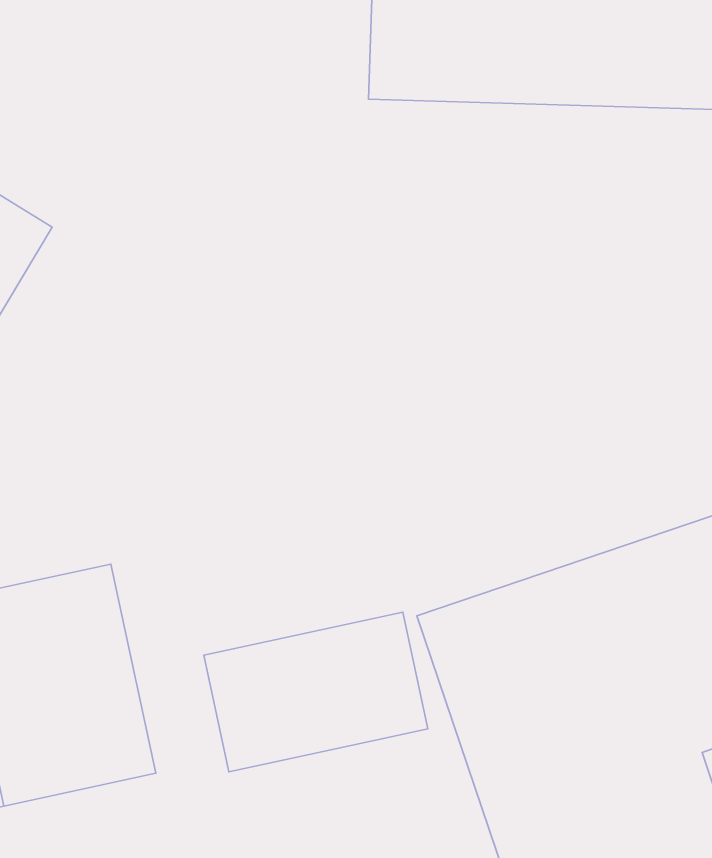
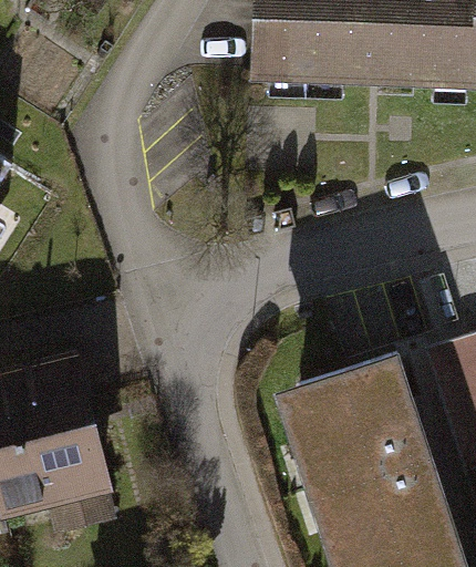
building: [204,612,428,772] -> none

